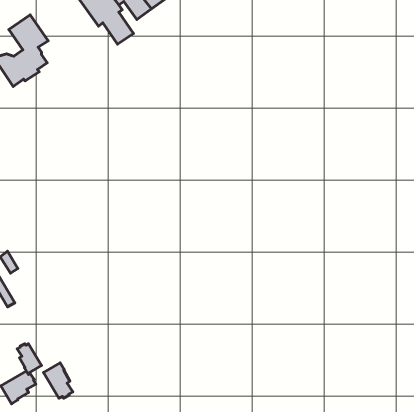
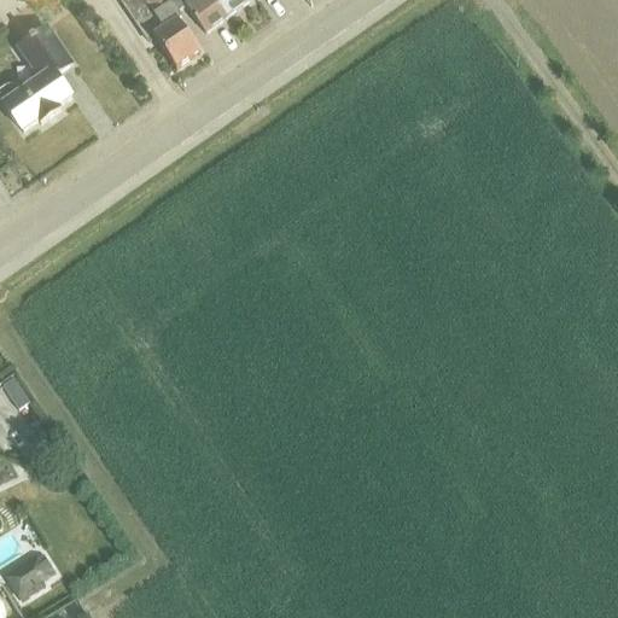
building: [17,344,42,374] -> none
building: [44,363,73,398] -> none

